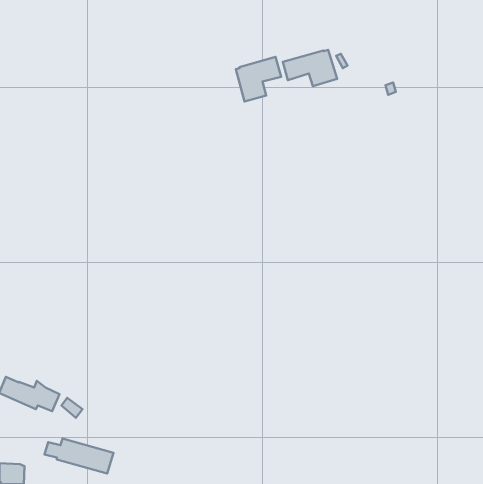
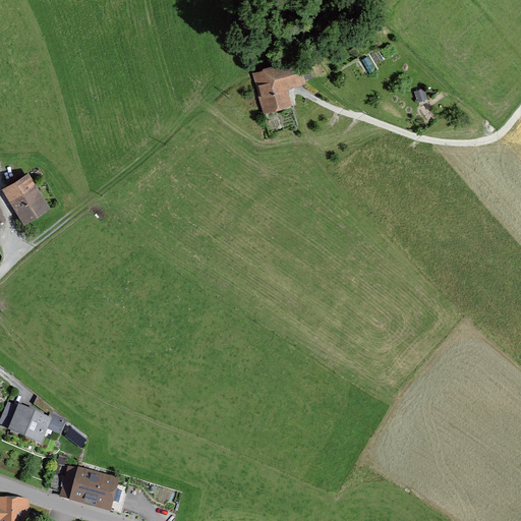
building: [283,50,337,86] -> none
building: none -> [7,180,42,219]

